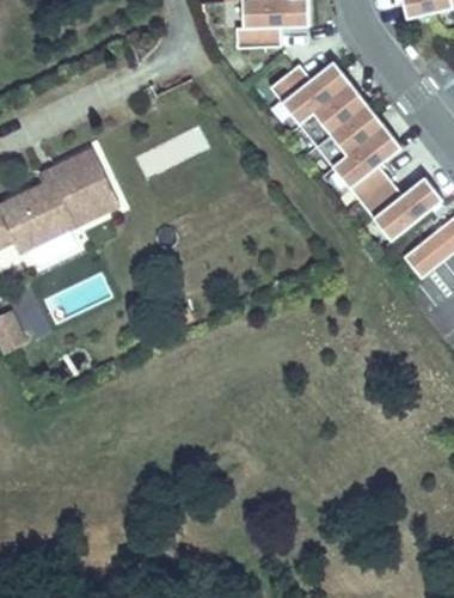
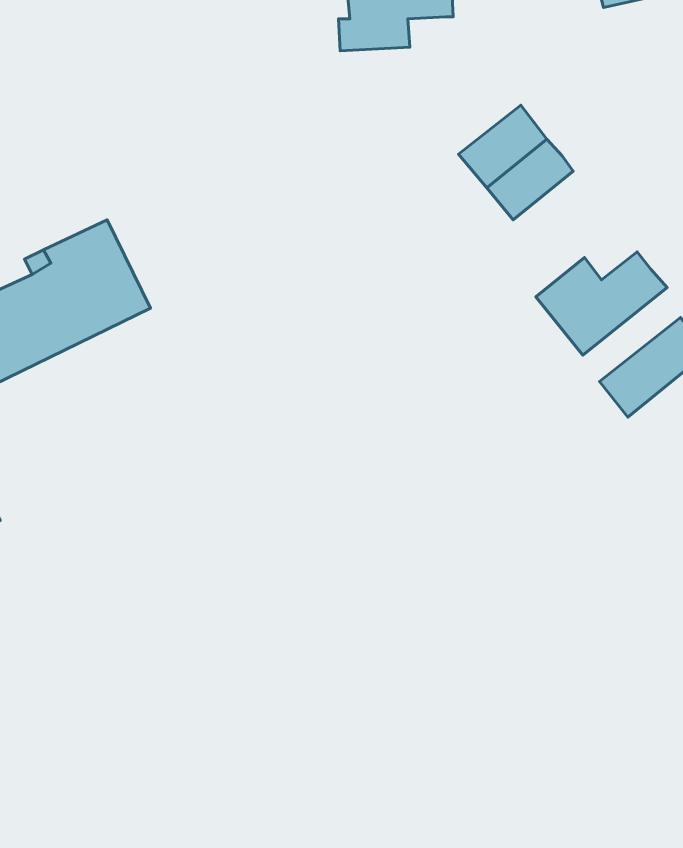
building: [266,59,350,124] -> none
building: [330,123,401,203] -> none

